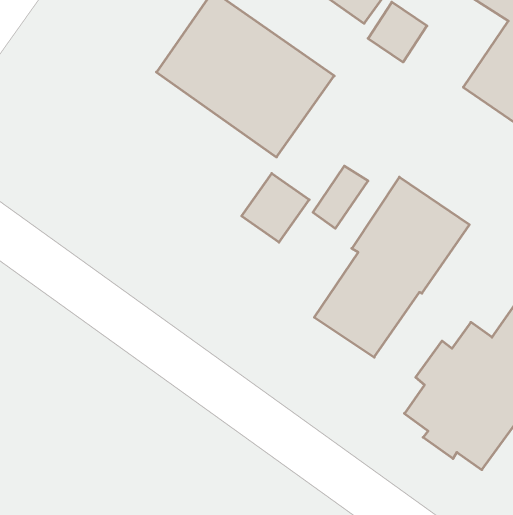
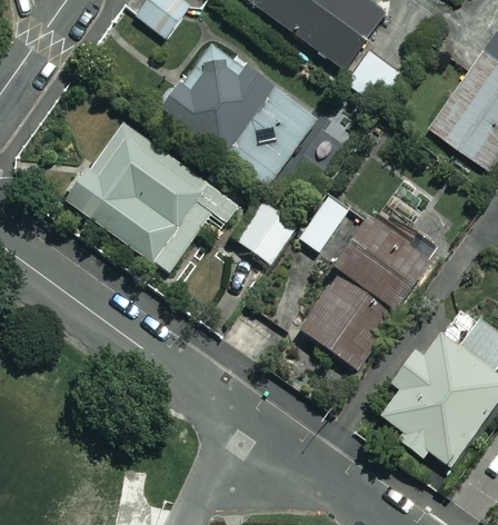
building: none -> [64,123,238,273]

